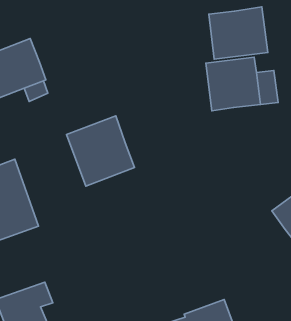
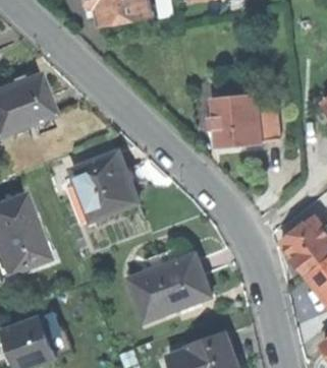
building: [209,7,268,59] -> none
building: none -> [132,254,215,320]

